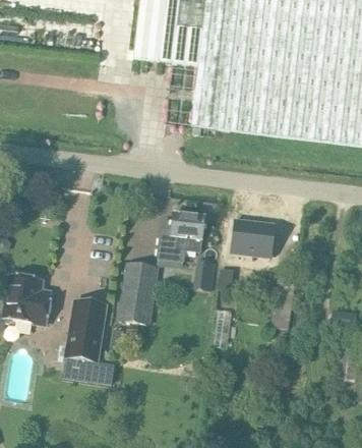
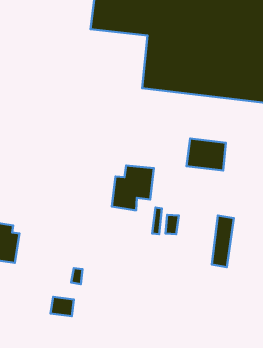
building: [230,222,275,259] -> [187,138,226,171]
building: [117,264,157,326] -> none
building: [66,301,106,362] -> none

